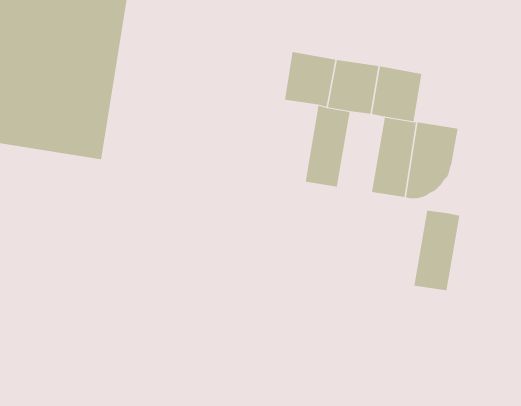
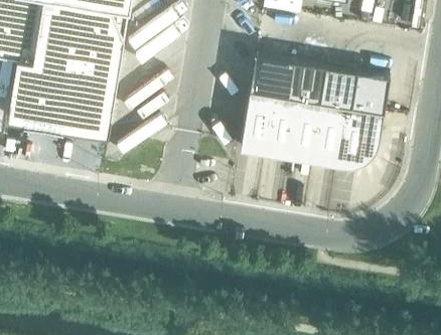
building: none -> [349,72,390,115]
building: none -> [239,93,275,156]
building: [413,210,460,291] -> [290,102,326,164]

